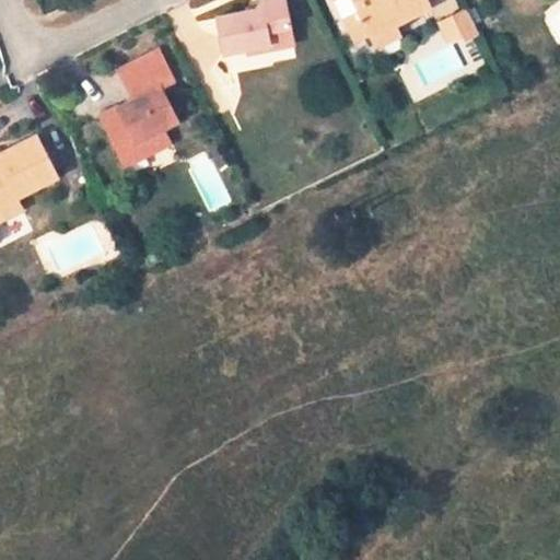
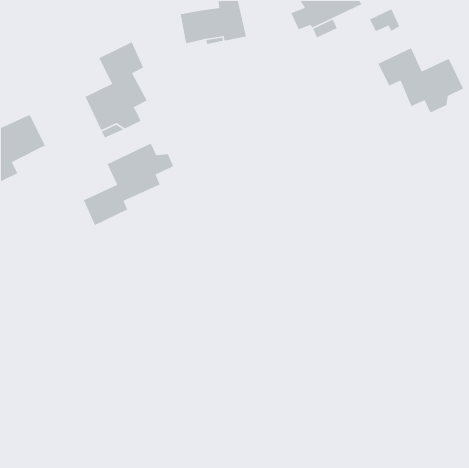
building: none -> [377,47,464,113]
building: none -> [83,143,174,226]

